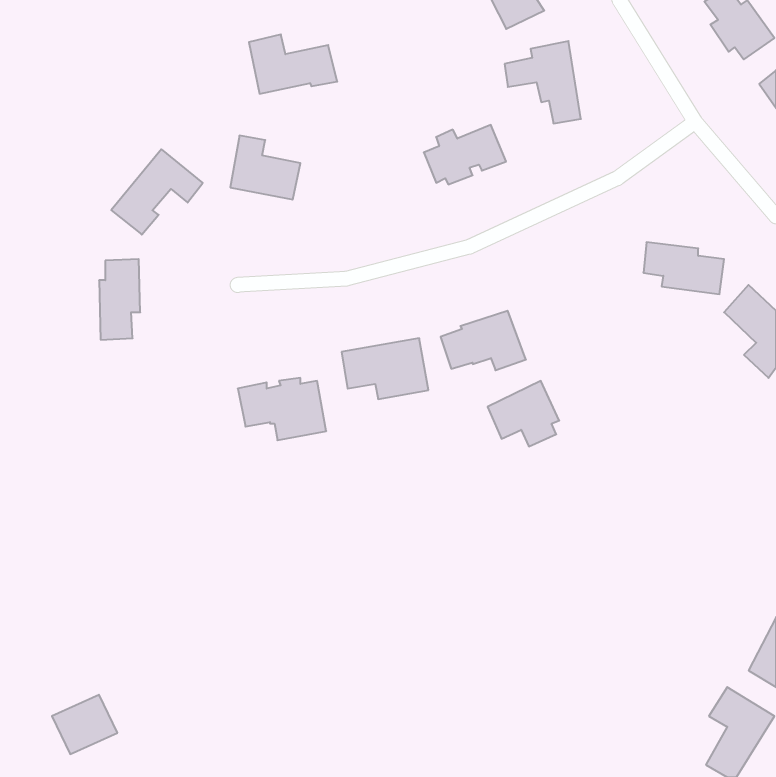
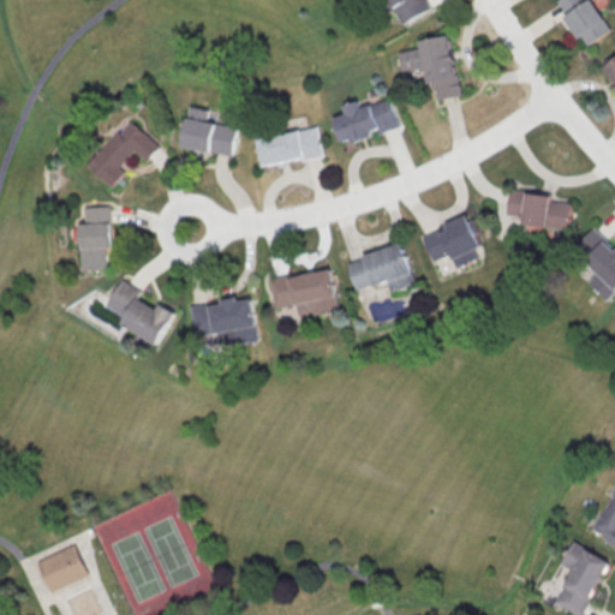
building: [249,34,337,94] -> [253,120,323,167]
building: none -> [105,277,174,344]
building: [488,381,559,446] -> [423,217,479,269]

